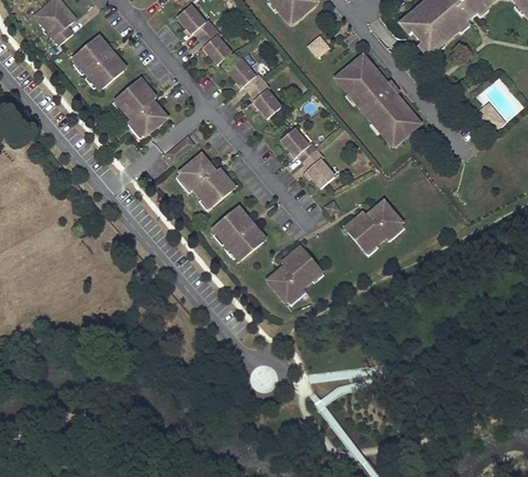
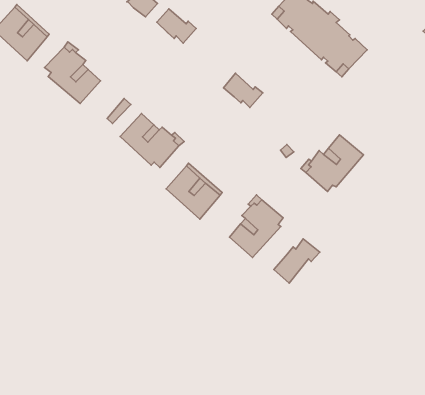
building: [249,81,281,118] -> none
building: [303,150,333,187] -> none
building: none -> [274,239,320,283]

